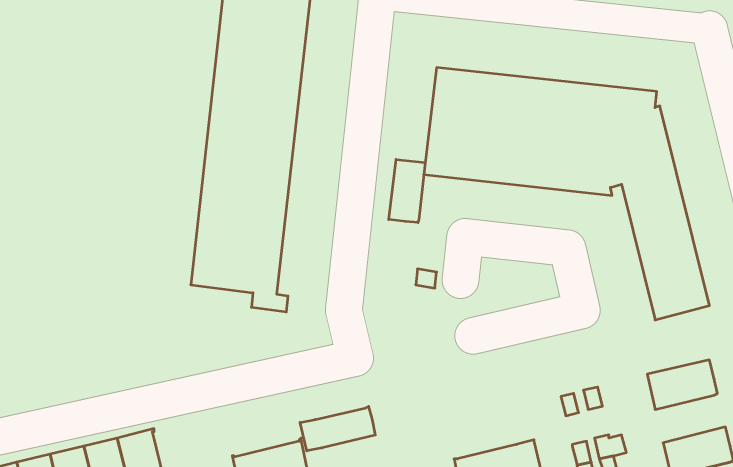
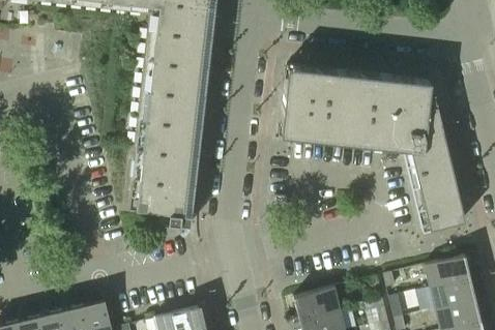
building: [389,159,425,223] -> none
building: none -> [431,277,476,309]
building: [300,406,375,451] -> none
building: none -> [295,288,341,320]

